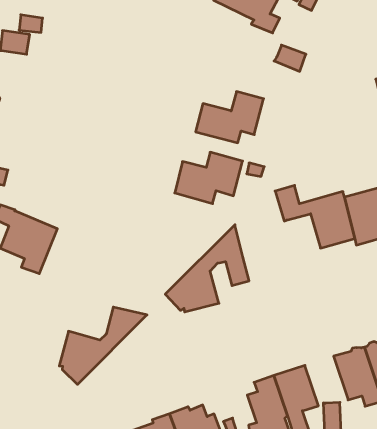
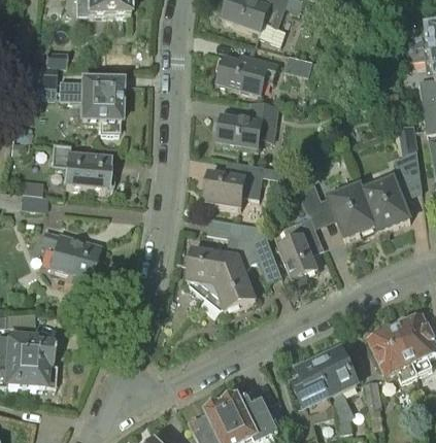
building: none -> [216,53,278,93]
building: none -> [57,80,120,132]
building: none -> [49,143,113,190]
building: none -> [278,214,324,279]
building: [59,307,147,384] -> [187,219,263,295]

